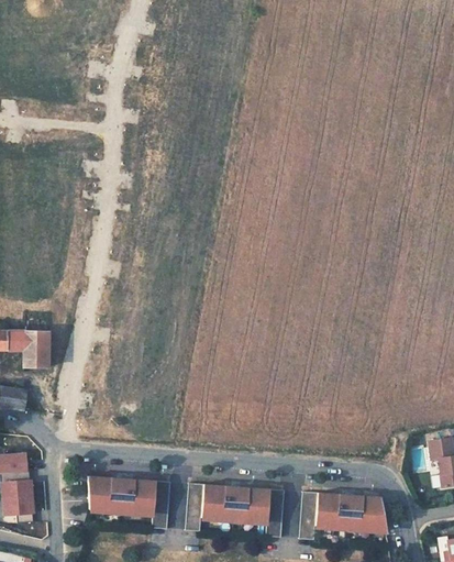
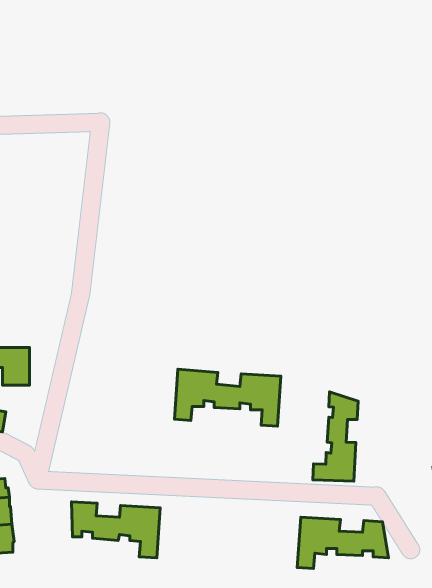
building: none -> [313,392,358,481]
building: [186,483,286,537] -> [174,369,281,426]

